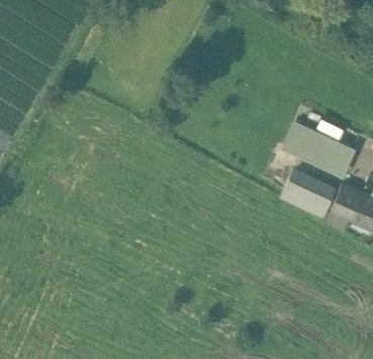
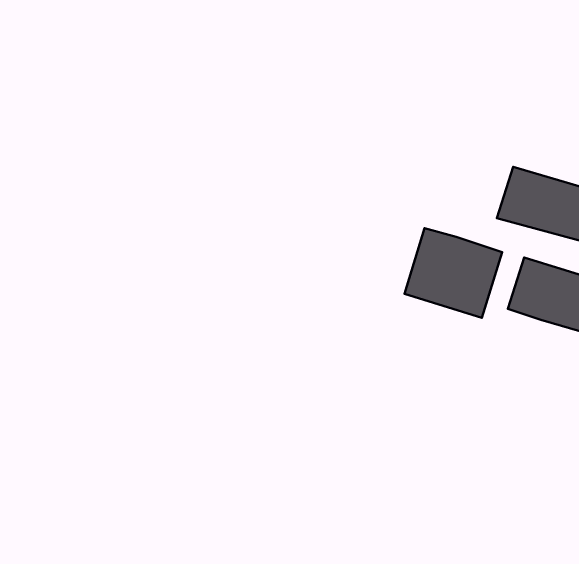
building: none -> [404,228,502,318]

